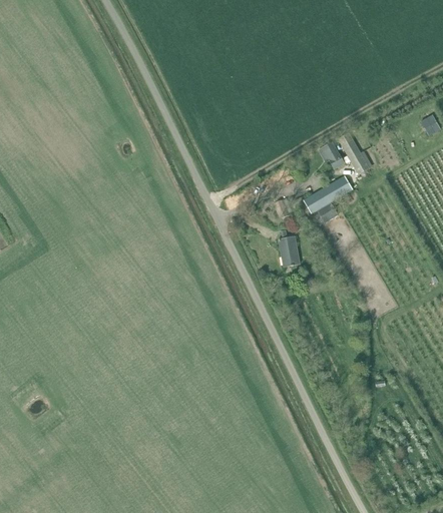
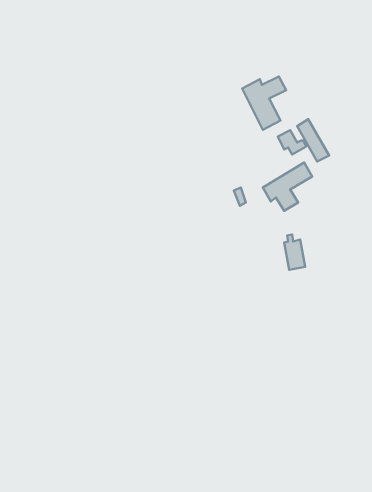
building: none -> [242,76,286,130]
building: [279,230,300,266] -> [284,235,305,270]

